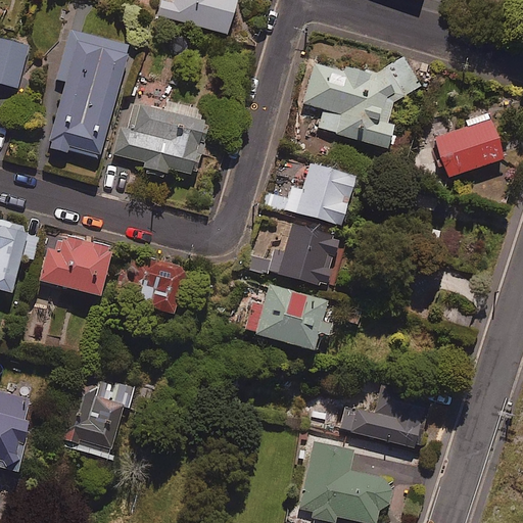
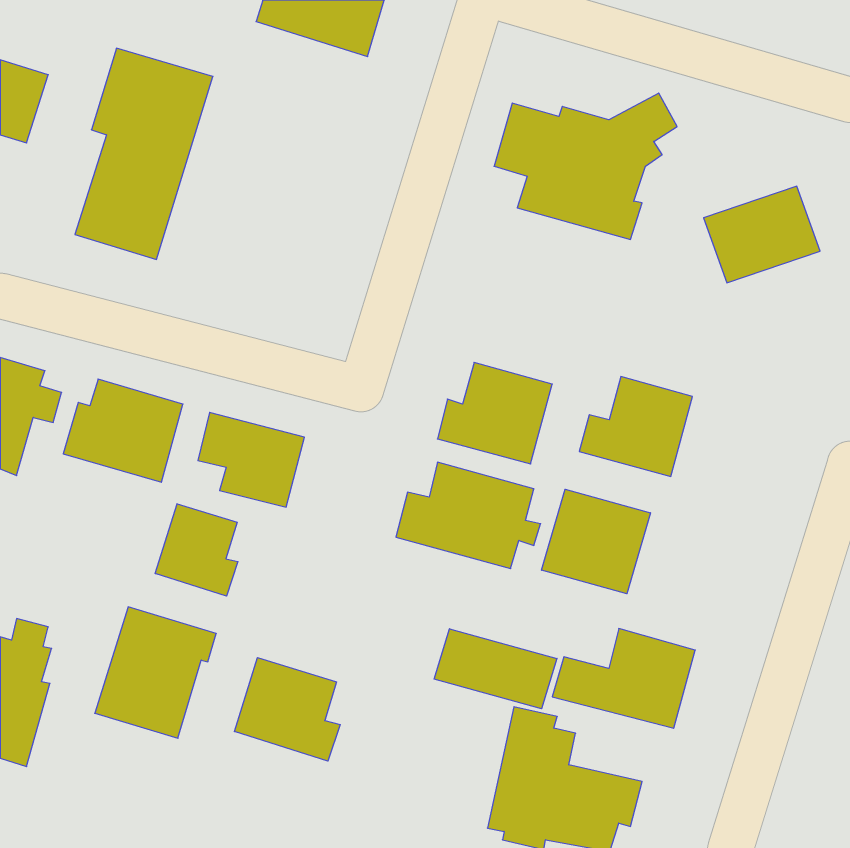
building: [113,103,207,176] -> none
building: [285,163,354,225] -> [579,377,692,476]
building: none -> [542,489,650,594]
building: none -> [155,504,238,596]
building: none -> [434,629,557,709]
building: none -> [234,658,340,761]

